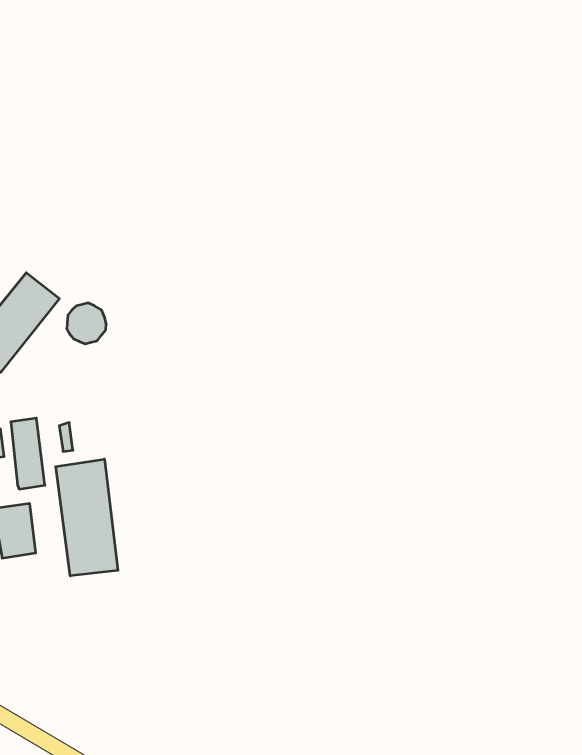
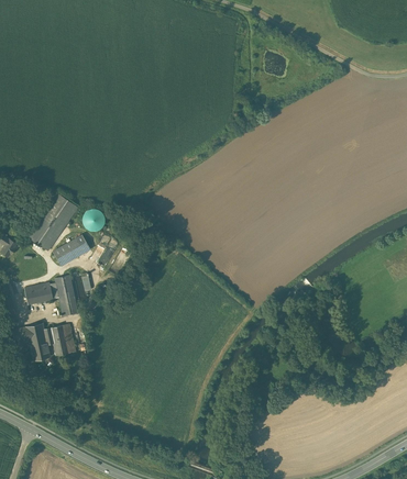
building: none -> [54,235,91,266]
building: [56,459,118,576] -> none

